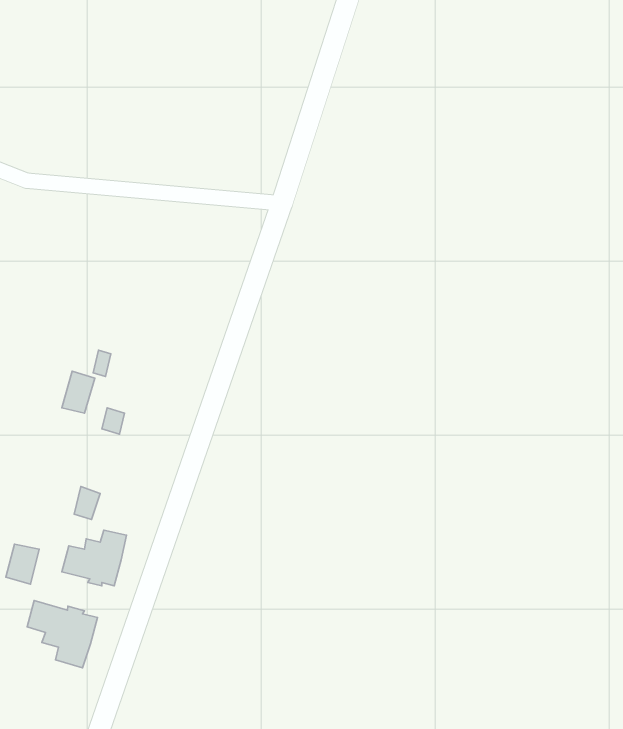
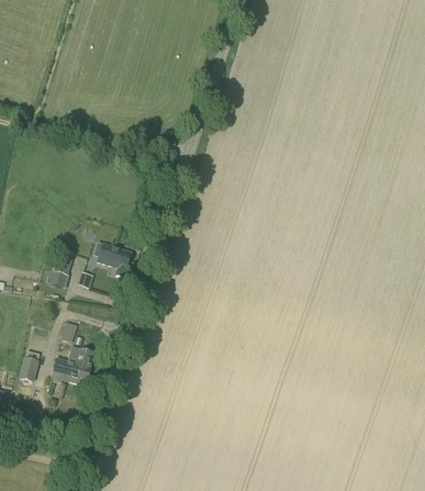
building: none -> [96,242,130,278]
building: [27,601,97,668] -> none

